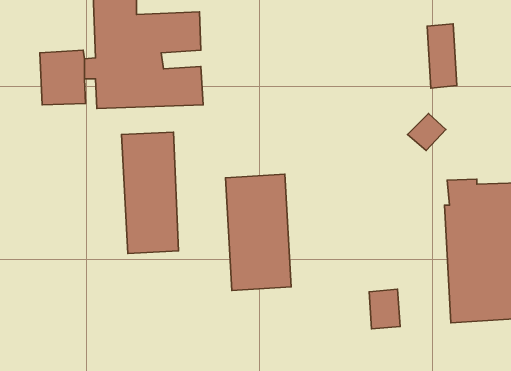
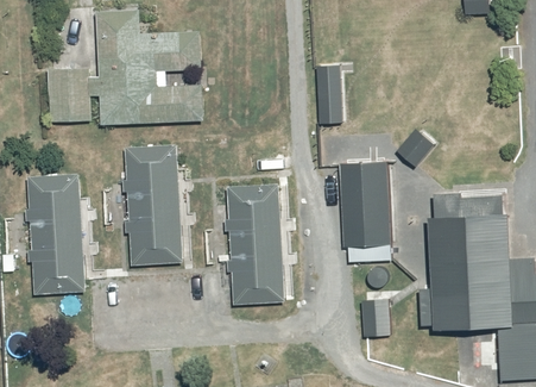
building: [427,24,457,88] -> [315,63,343,125]
building: none -> [340,162,392,245]
building: none -> [26,179,83,288]

